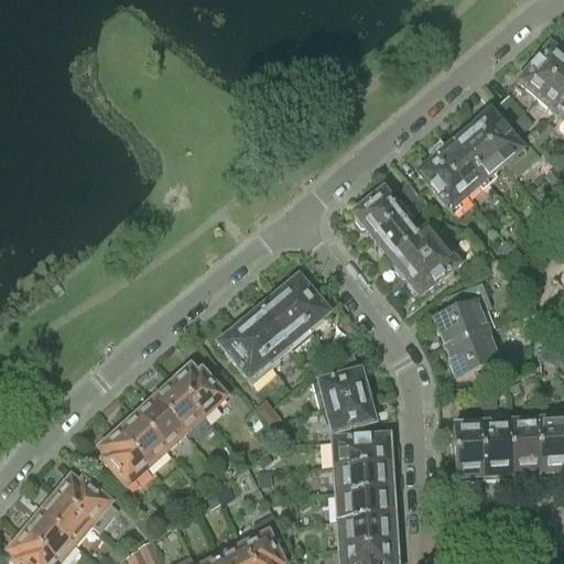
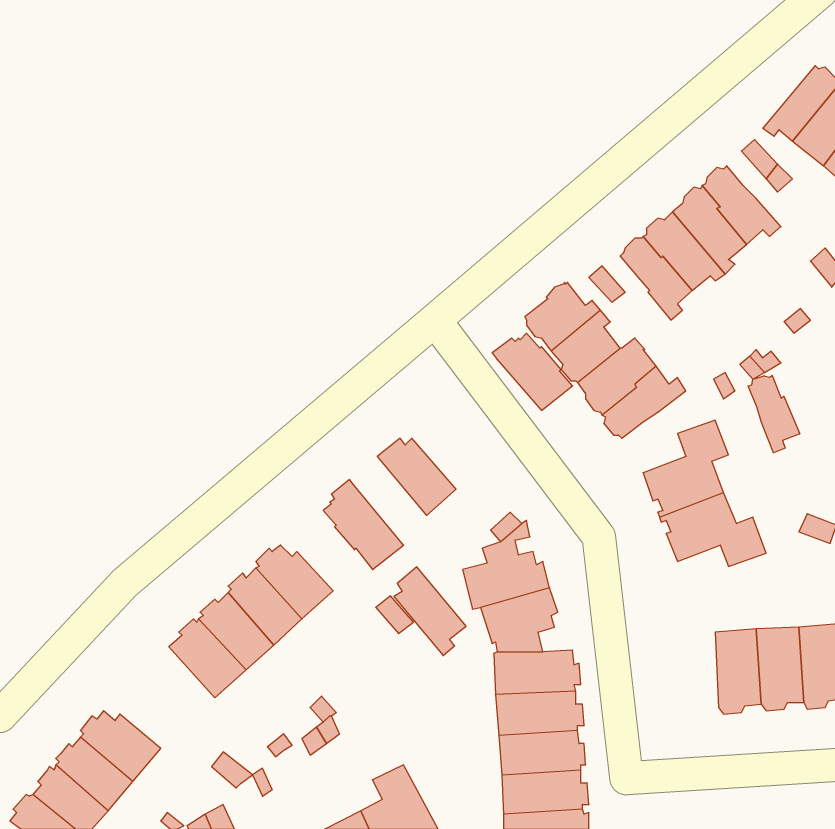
building: none -> [748,375,800,453]
building: [275,276,329,328] -> [492,333,573,410]
building: [240,306,289,366] -> [394,567,466,656]
building: [453,424,485,480] -> none
building: [100,432,147,486] -> none

